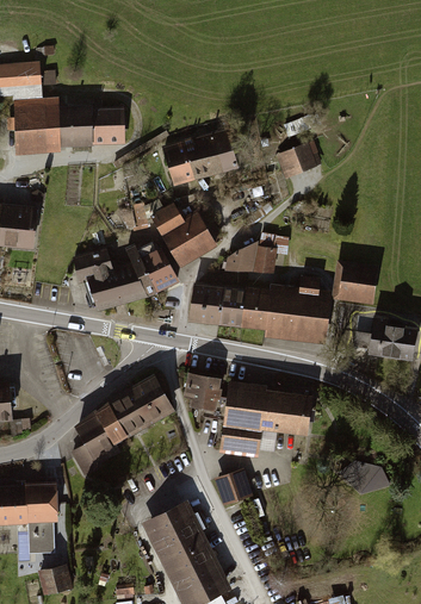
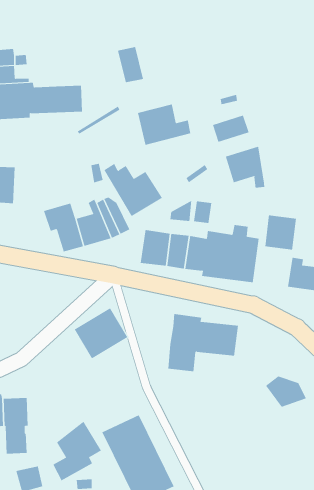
building: [163,141,196,185] -> [117,46,144,83]
building: none -> [225,146,265,188]
building: [186,375,229,419] -> none
building: [72,401,131,474] -> [52,421,102,481]
building: [216,469,248,500] -> none

